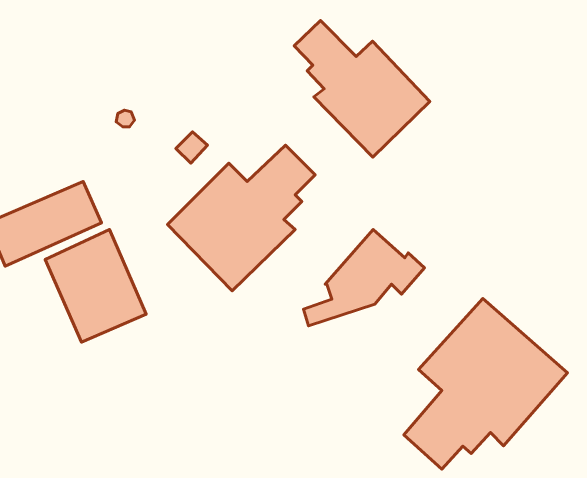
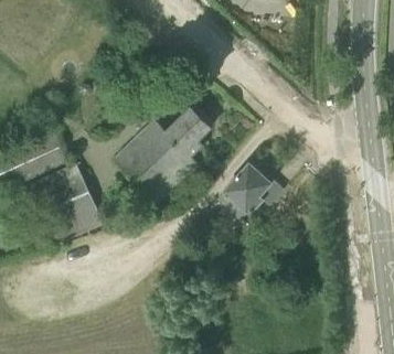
building: [294,21,430,157] -> none
building: [404,298,567,469] -> none

